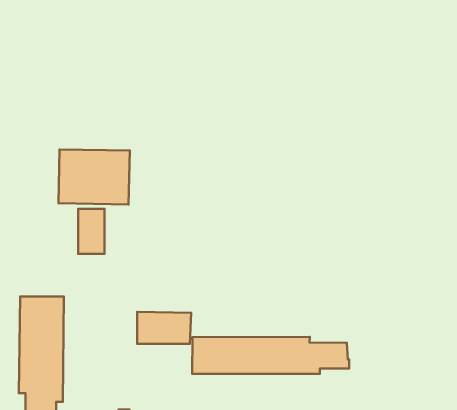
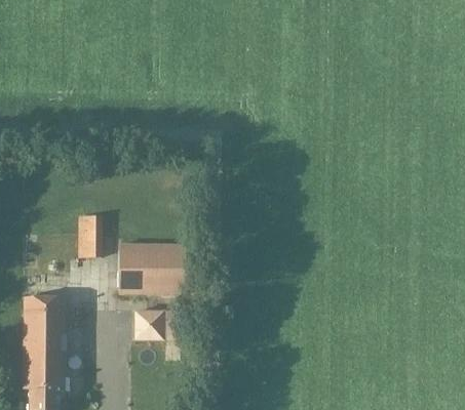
building: [58,149,130,204] -> [120,243,187,294]
building: [192,337,349,374] -> none

